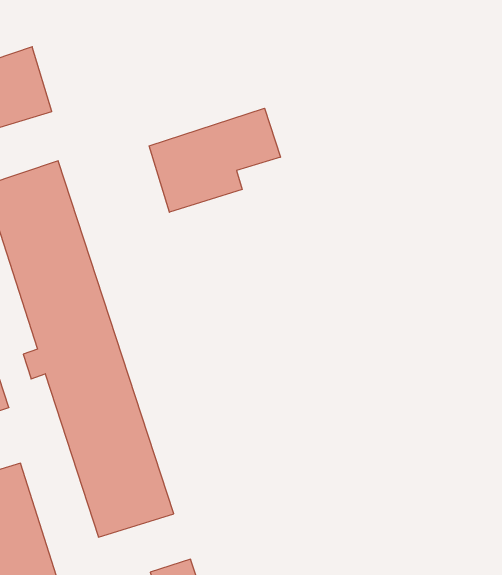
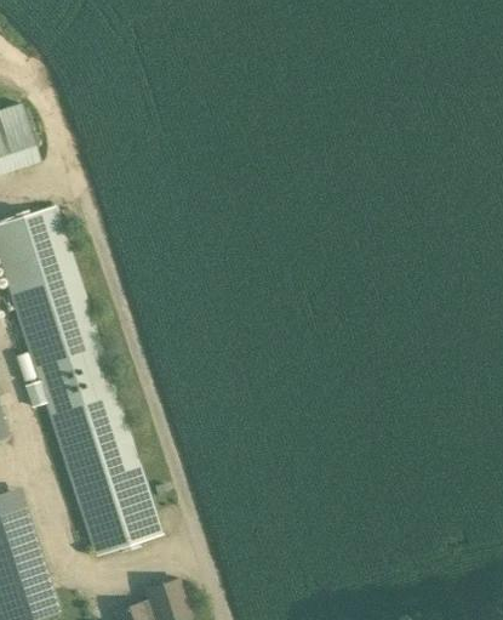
building: [149,108,280,212] -> none

